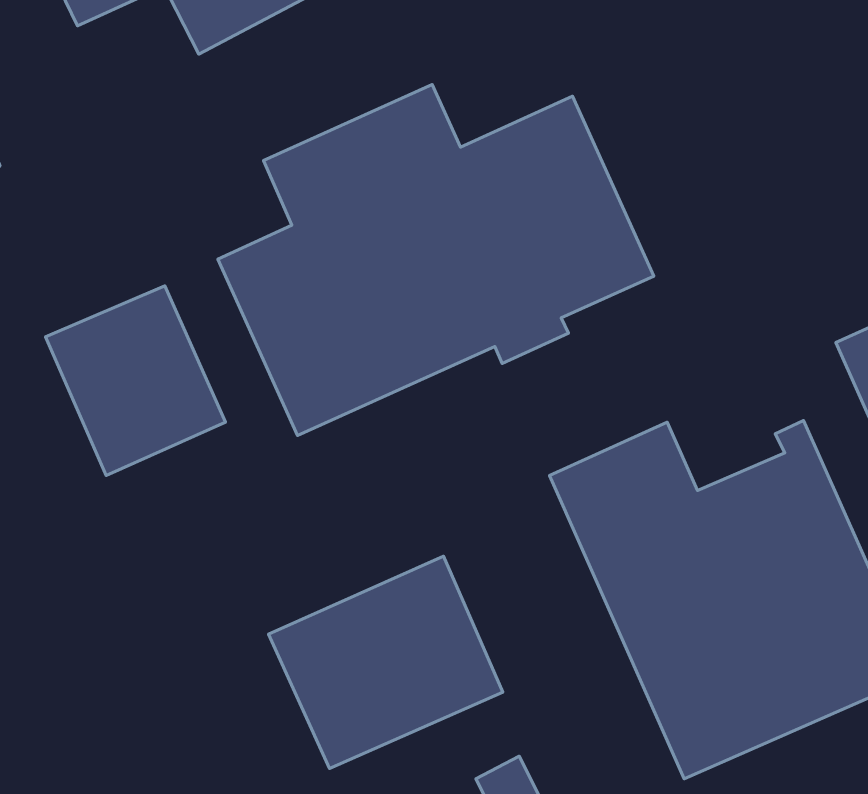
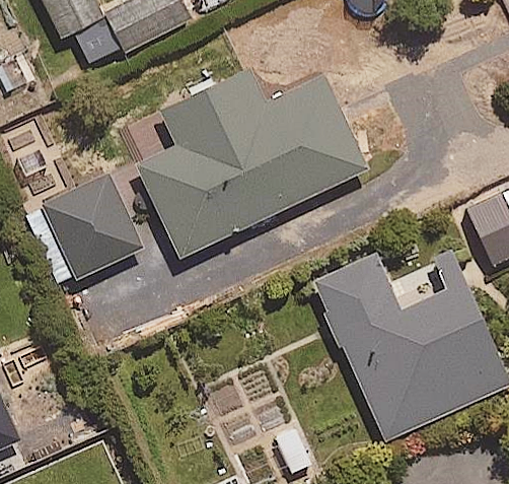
building: [268,556,503,768] -> none

